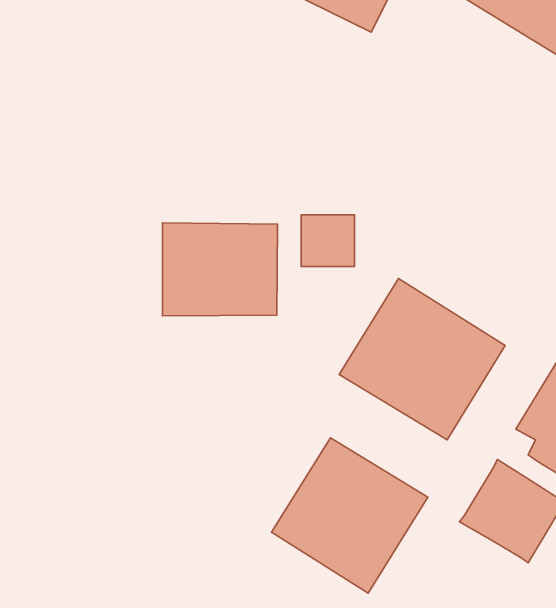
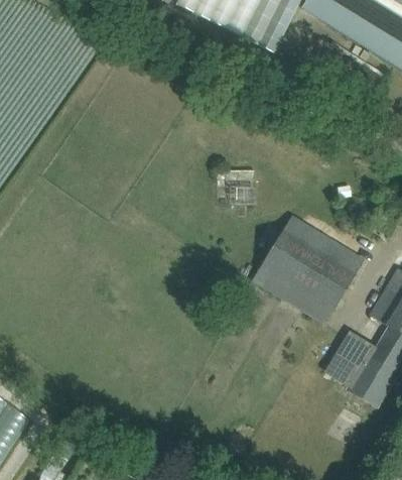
building: [163,223,277,316] -> none
building: [272,438,428,593] -> none

